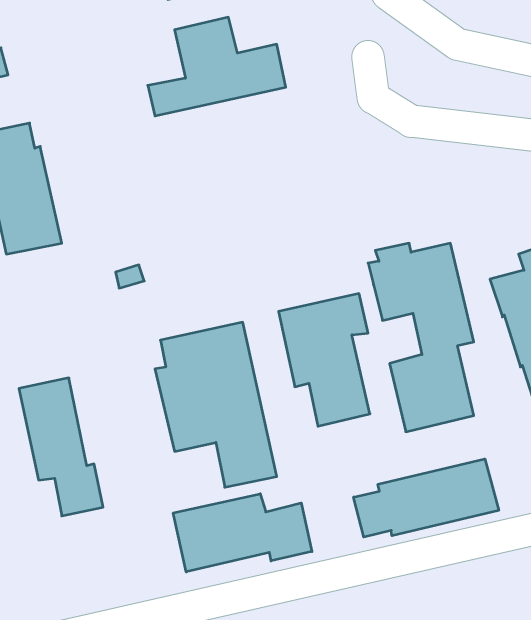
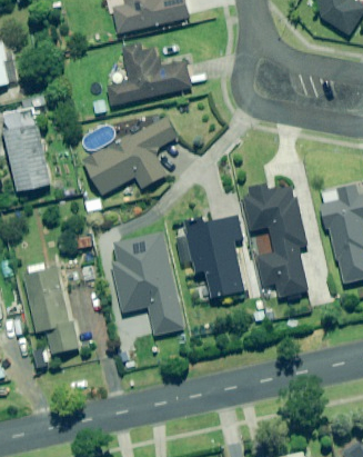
building: none -> [81,118,177,195]
building: [354,459,499,537] -> none
building: [173,494,312,572] -> none

